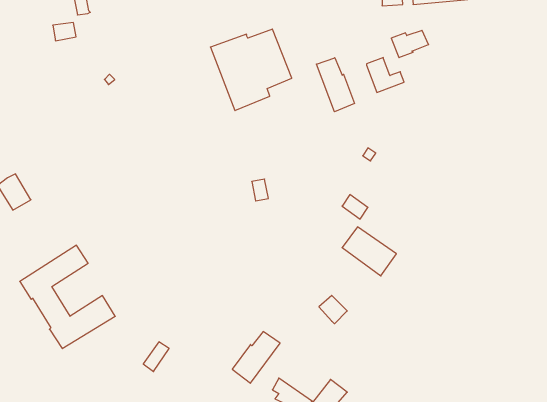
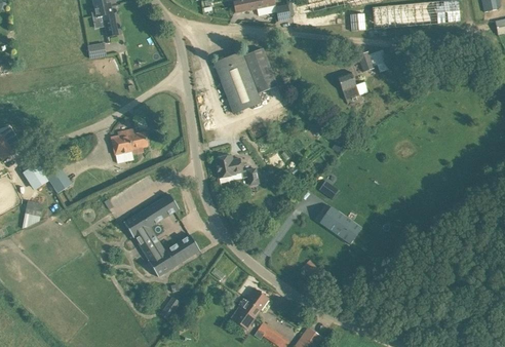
building: [316,58,355,112] -> none
building: none -> [111,128,148,154]
building: none -> [215,155,243,178]
building: [20,245,115,349] -> [124,194,200,276]

